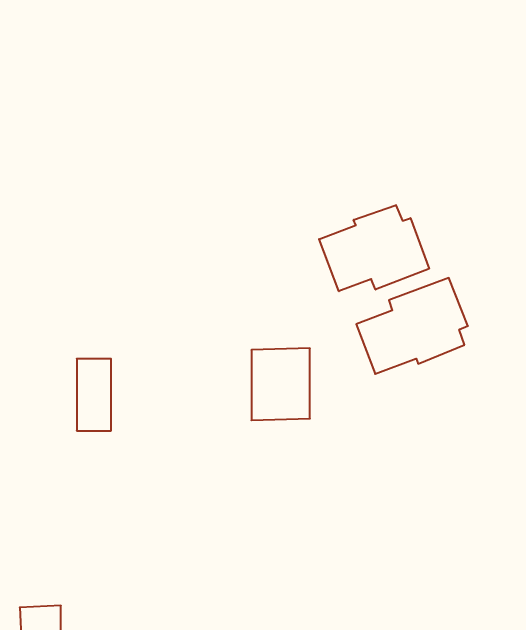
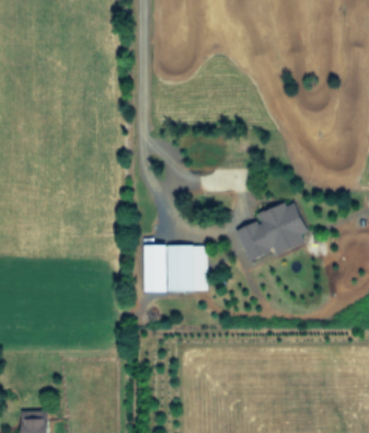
building: [319,205,429,291] -> none
building: [77,359,111,431] -> [145,246,166,292]

